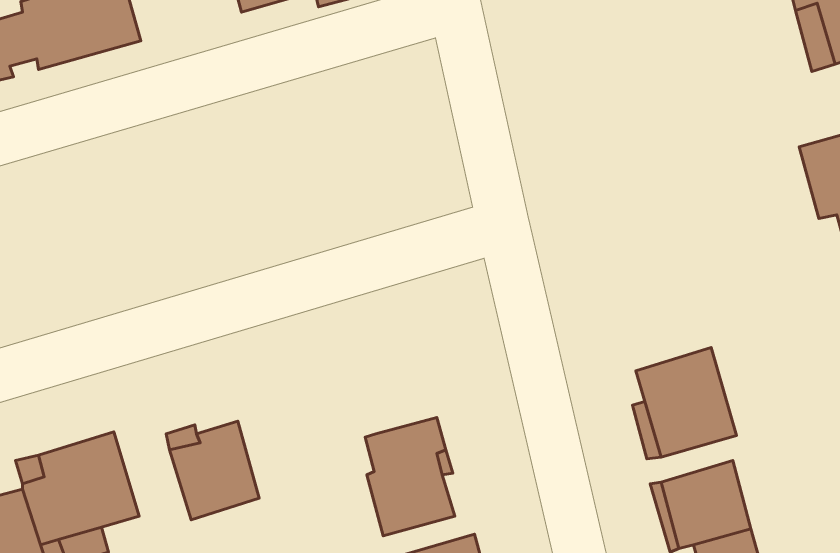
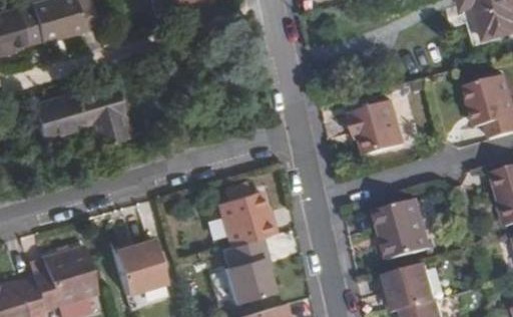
building: none -> [31,81,130,149]
building: none -> [351,101,404,156]
building: none -> [216,184,276,247]

